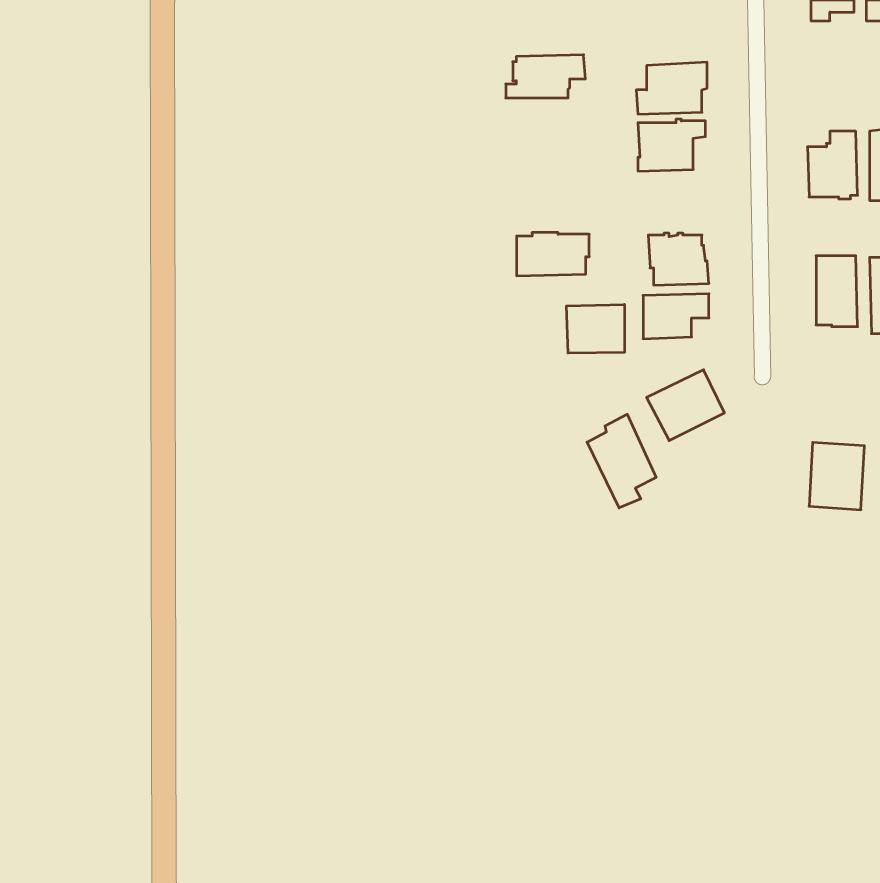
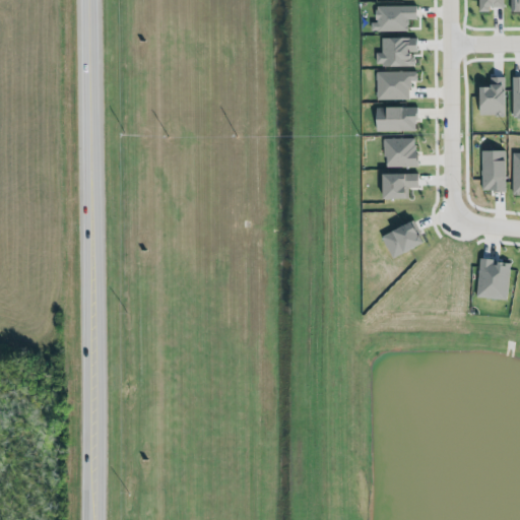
building: [506,55,585,98] -> [371,5,417,30]
building: [517,233,589,276] -> [376,107,418,132]
building: [567,304,624,353] -> none
building: [587,414,656,508] -> none

